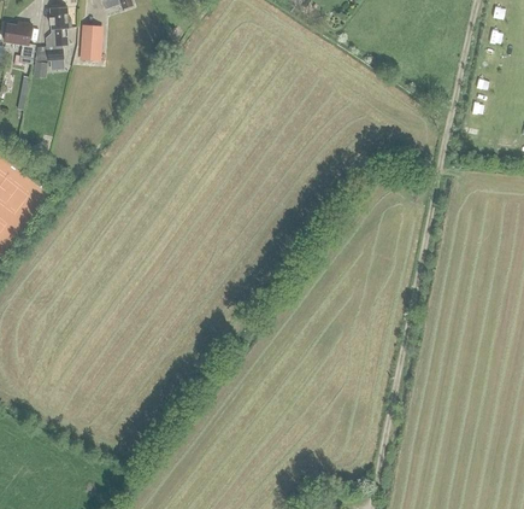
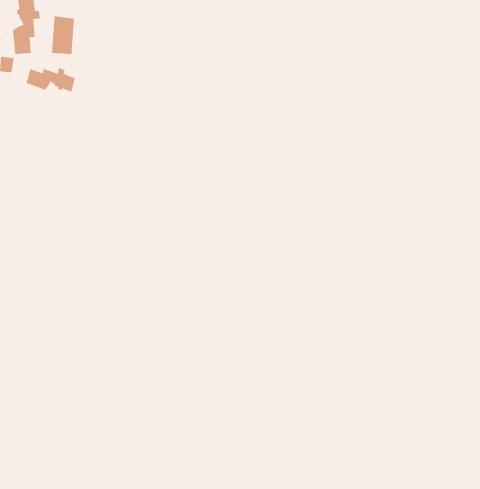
building: none -> [26,67,76,93]

